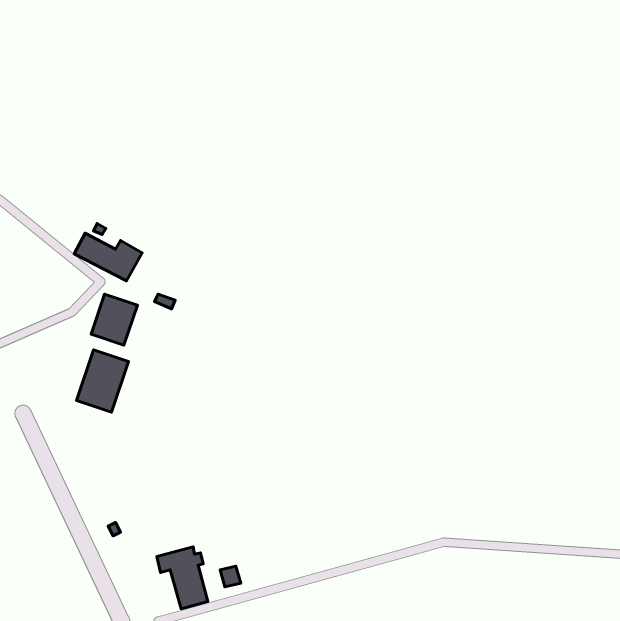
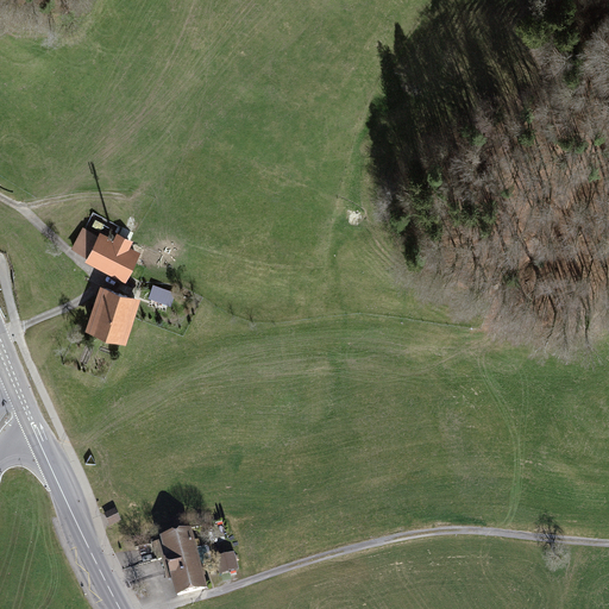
building: [77,350,128,412] -> none

